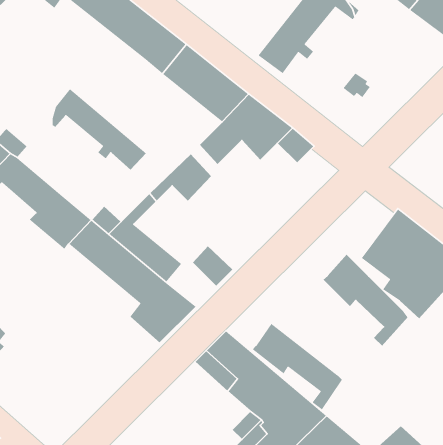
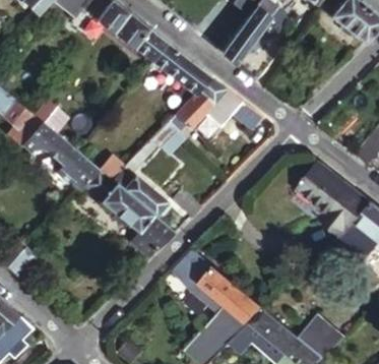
building: [52,88,147,170] -> none
building: [323,254,408,347] -> none
building: [252,323,343,411] -> none

